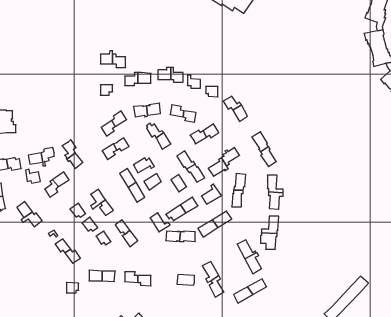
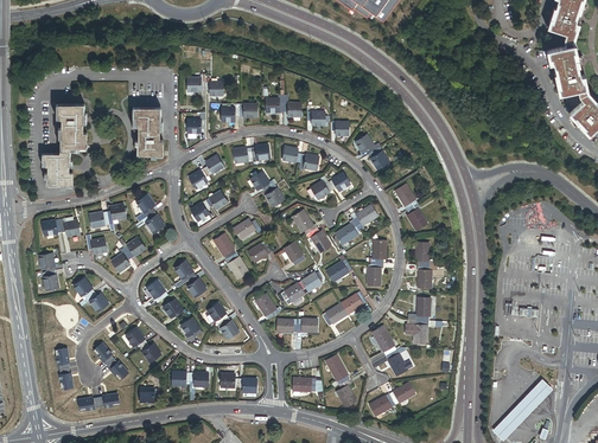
building: none -> [58,103,85,150]
building: none -> [134,107,163,154]

